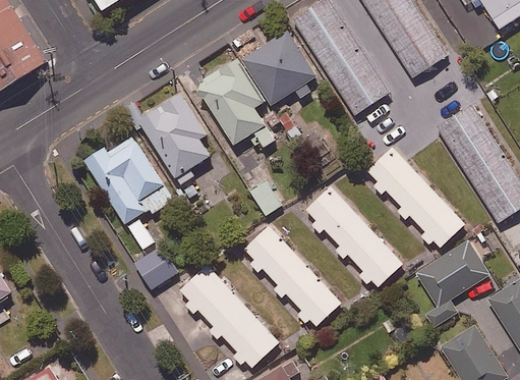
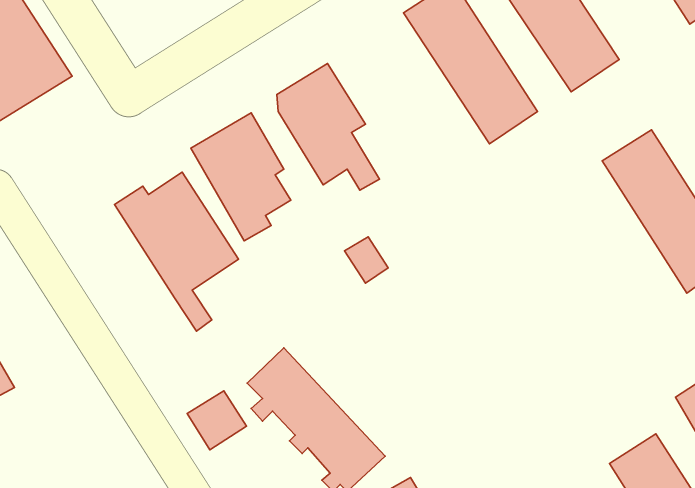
building: [242,30,316,105] -> none
building: [367,148,464,247] -> none
building: [306,186,402,286] -> none
building: [244,225,341,325] -> none
building: [409,240,489,331] -> none
building: [134,247,177,289] -> [187,391,246,450]

